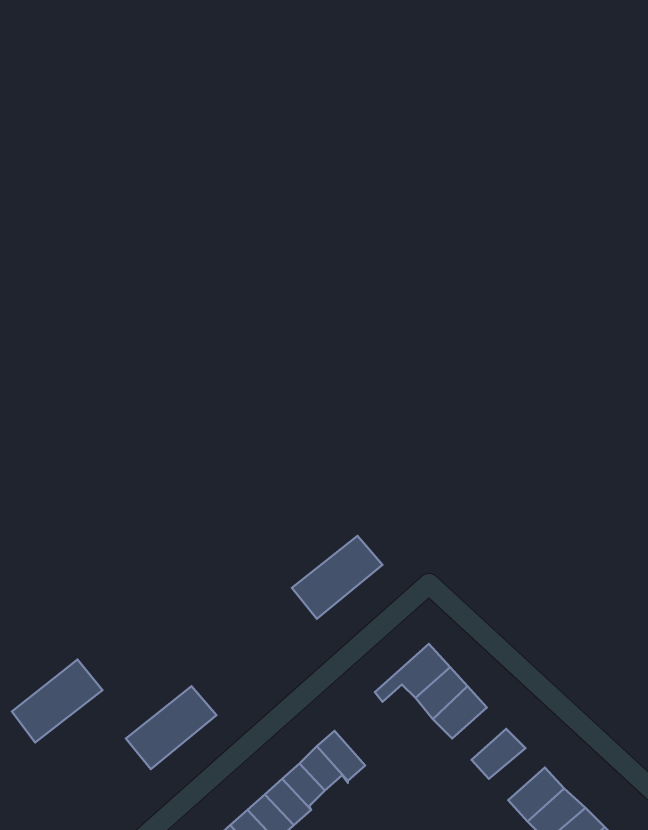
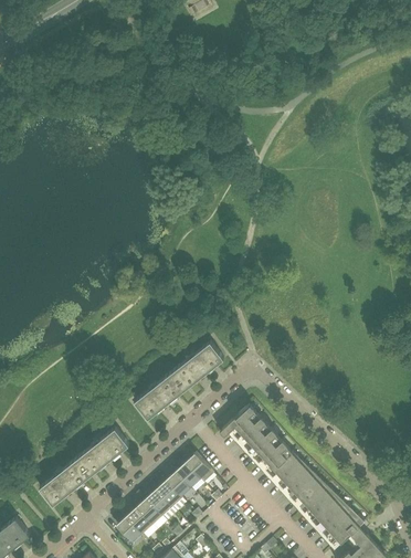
building: none -> [133,372,185,420]
building: [12,659,103,742] -> [38,459,89,506]
building: none -> [262,441,293,471]
building: none -> [283,464,315,494]

